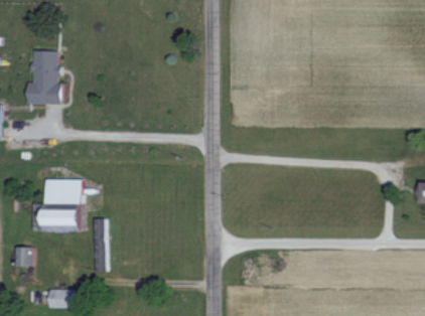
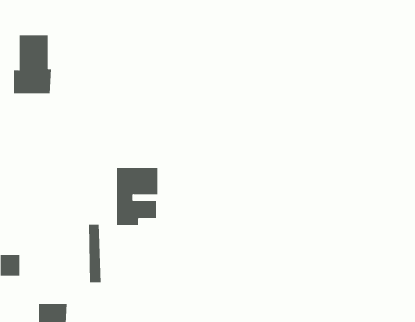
building: [44,180,82,231] -> [116,168,158,225]

